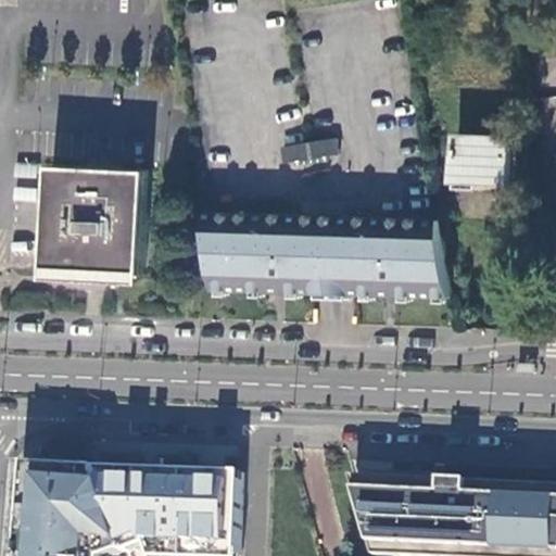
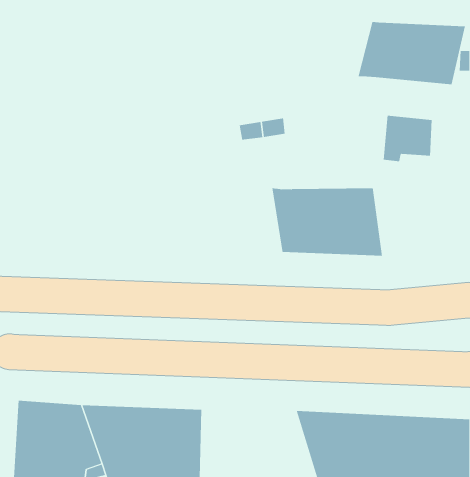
building: none -> [358,21,465,85]
building: [38,166,141,275] -> none
building: [195,214,327,294] -> none

